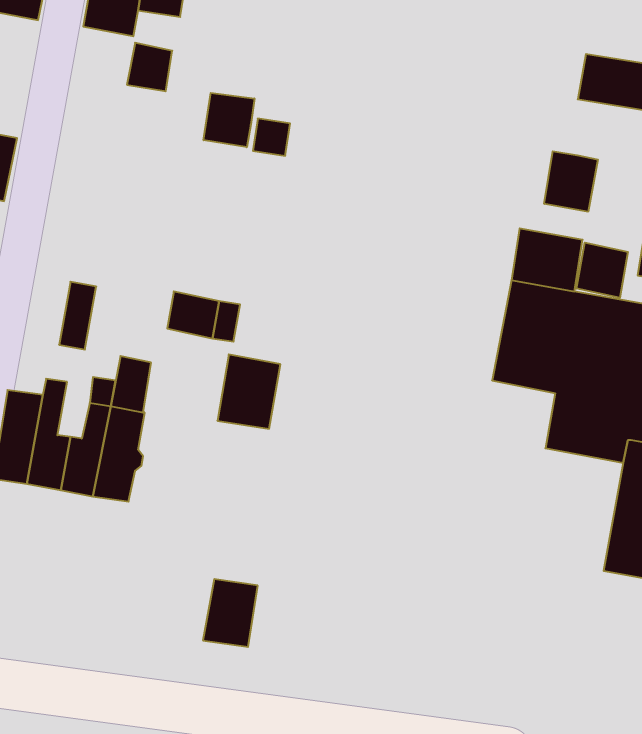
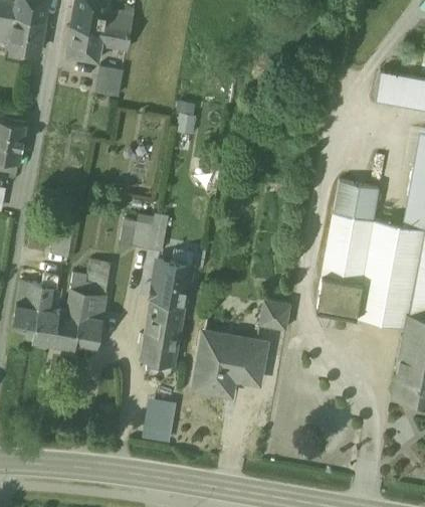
building: [204,93,254,147] -> none
building: [544,151,598,212] -> none
building: [576,243,628,298] -> none
building: none -> [314,276,361,318]
building: none -> [258,300,290,332]
building: none -> [141,301,183,364]
building: none -> [193,333,264,394]

